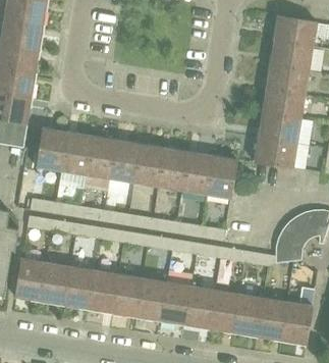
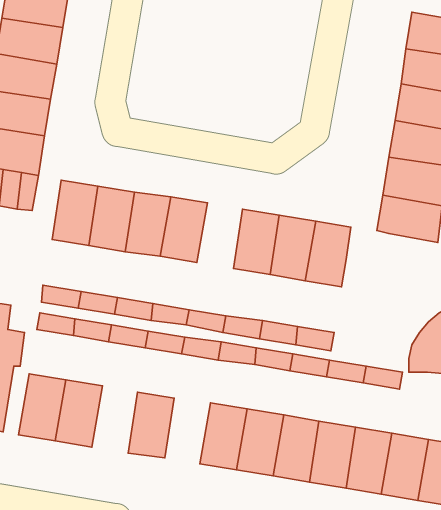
building: [133,143,164,187] -> none
building: [63,265,94,310] -> none
building: [112,273,143,317] -> none

